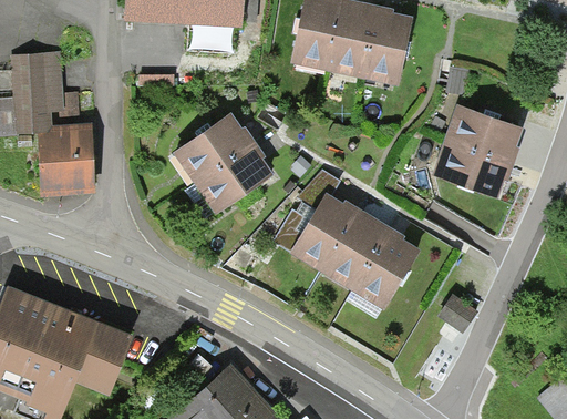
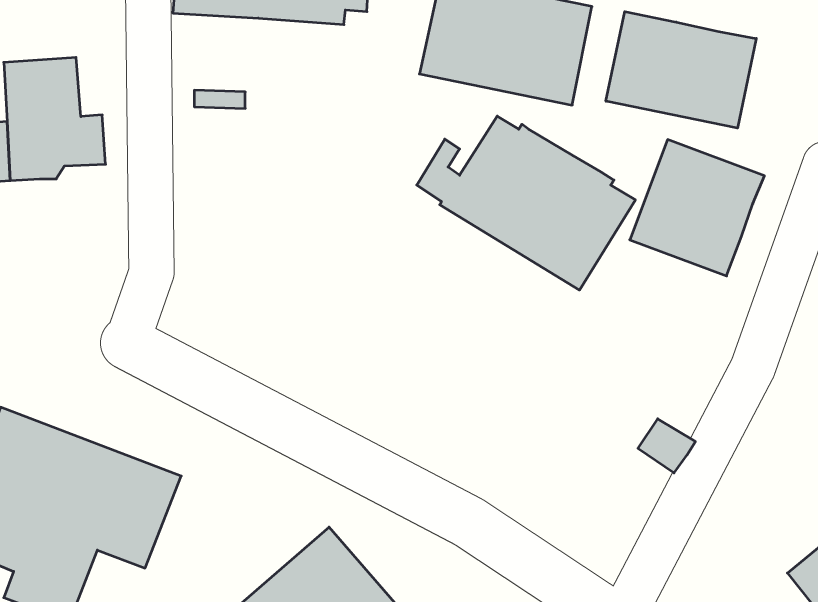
building: none -> [606,12,756,128]
building: [174,113,271,213] -> none
building: [34,121,94,196] -> none
building: [272,192,420,309] -> [417,116,635,290]

